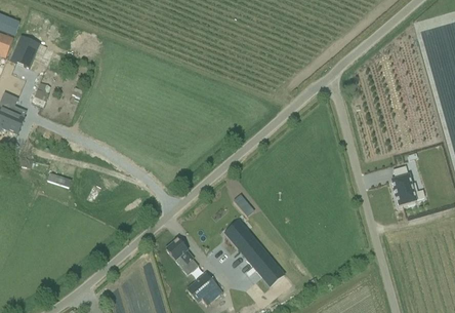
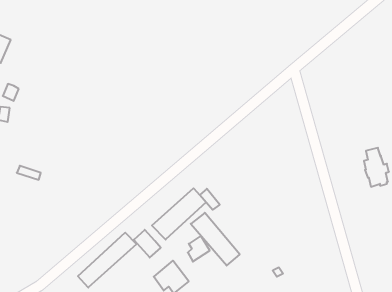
building: none -> [152,188,206,240]
building: none -> [78,233,137,288]

